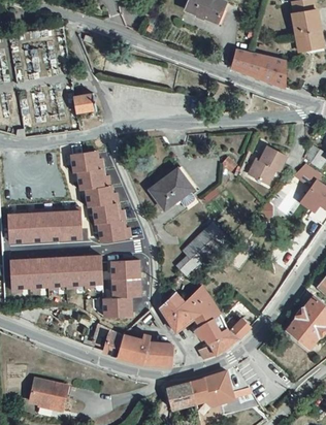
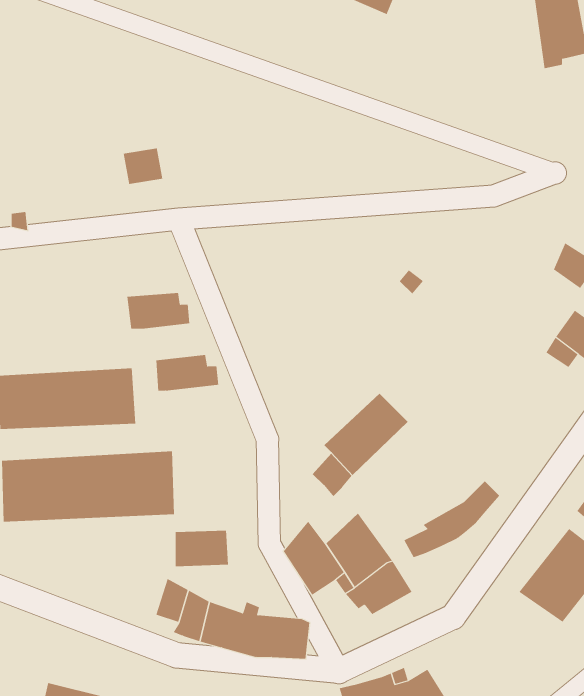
building: [231,48,285,87] -> none
building: [247,149,285,187] -> none
building: [70,153,104,173] -> none
building: [150,169,193,209] -> none
building: [85,187,119,206] -> none
building: [97,220,131,240] -> none
building: [109,261,141,298] -> none
building: [197,319,249,360] -> [404,480,500,558]

